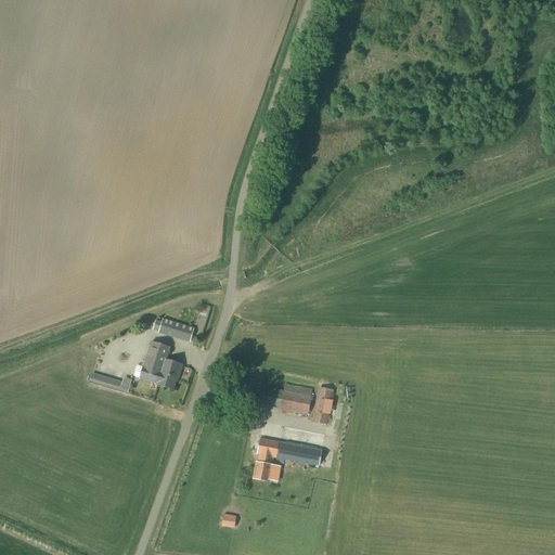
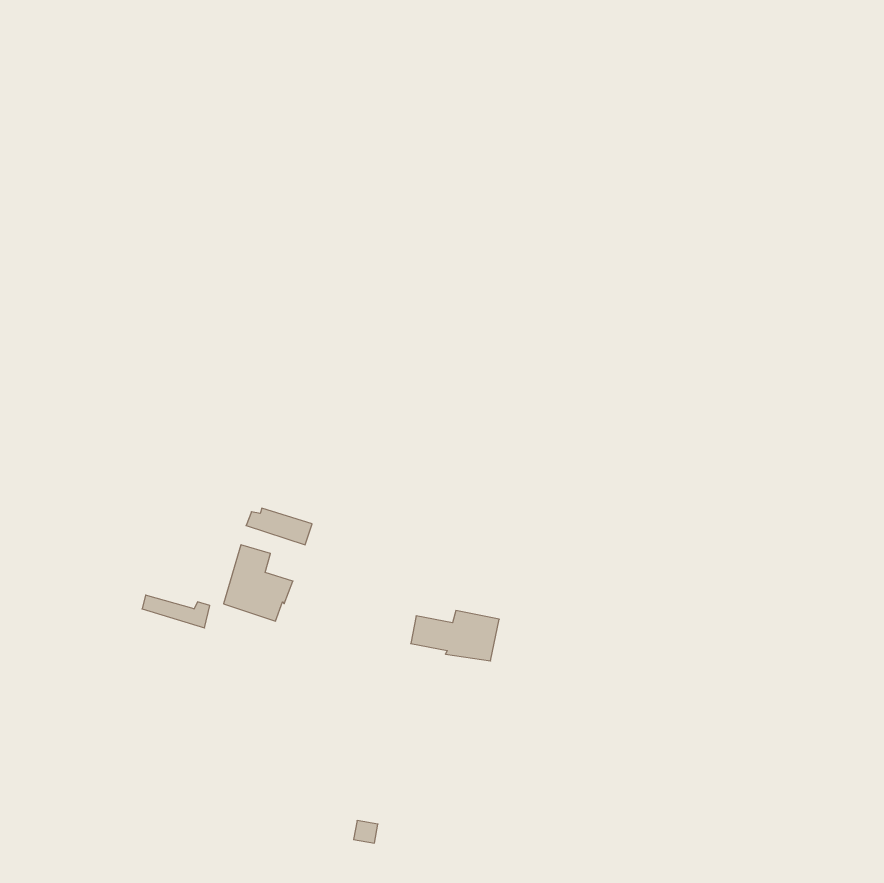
building: [313,386,334,424] -> none
building: [254,437,322,480] -> none

